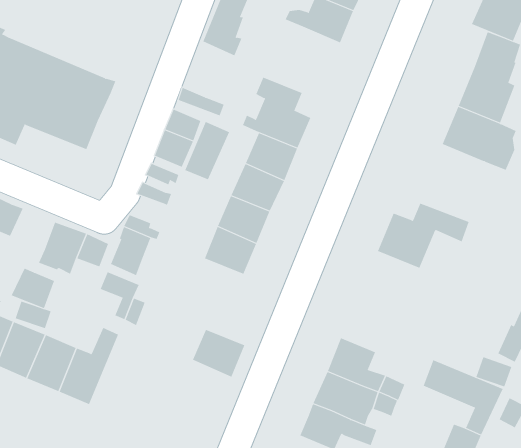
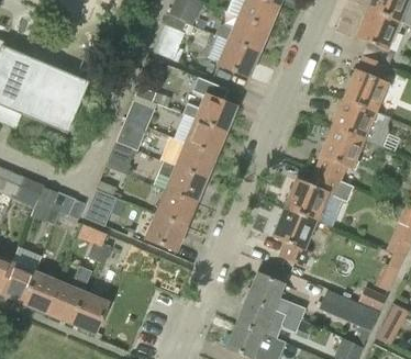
building: none -> [207,35,257,77]
building: [185,121,230,180] -> none
building: none -> [316,128,365,187]
building: none -> [273,209,316,269]
building: [11,268,55,309] -> [10,177,43,207]
building: [192,329,245,377] -> [145,214,185,250]
building: none -> [69,292,107,334]

